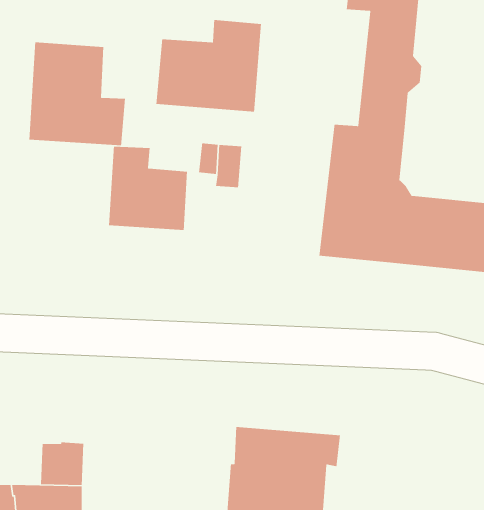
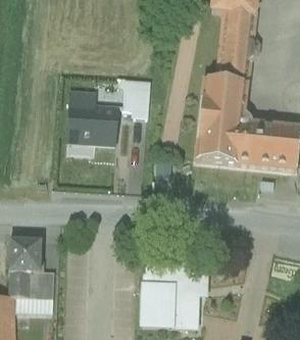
building: [156,19,262,112] -> none
building: [29,41,126,146] -> none
building: none -> [8,238,41,294]

